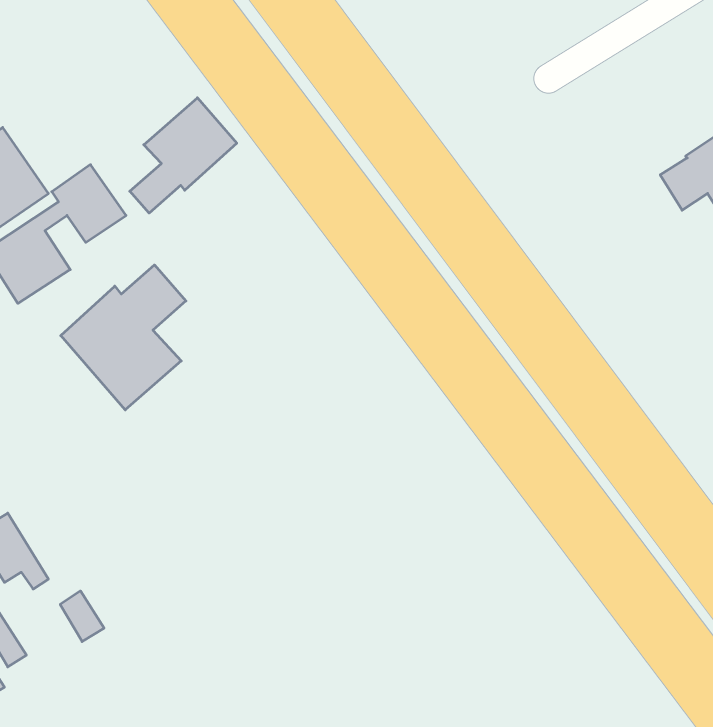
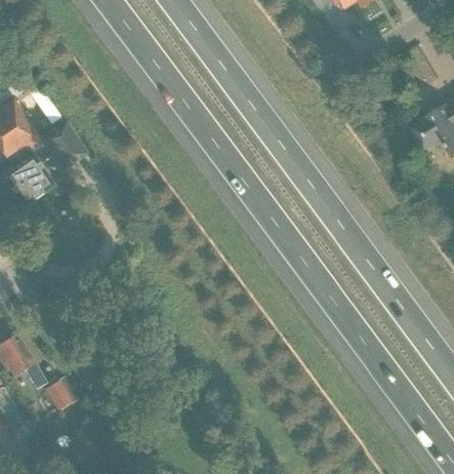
building: [130,98,237,213] -> none
building: [61,265,186,410] -> none

